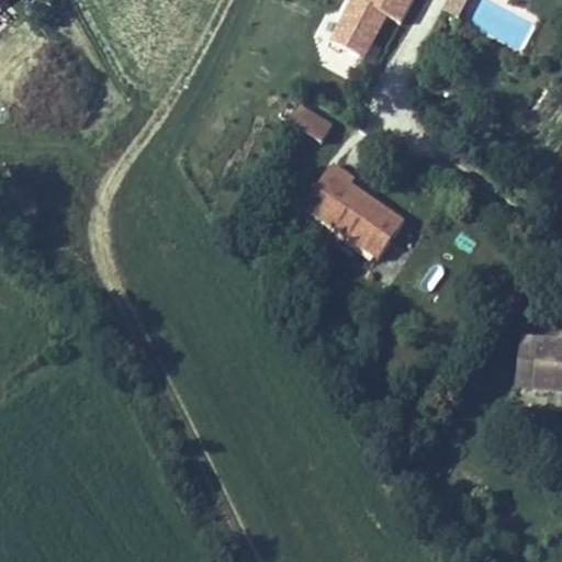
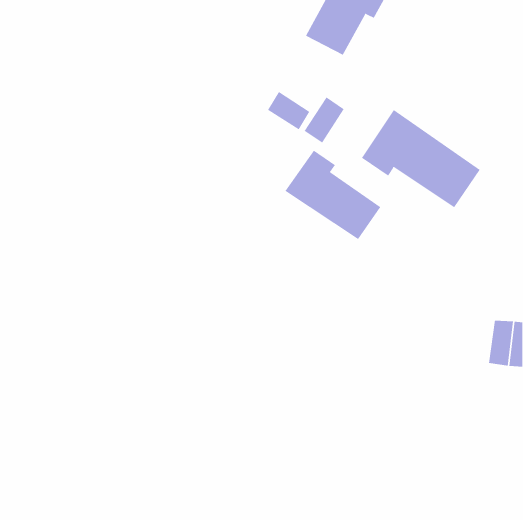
building: none -> [304,96,345,144]
building: none -> [361,109,480,208]

